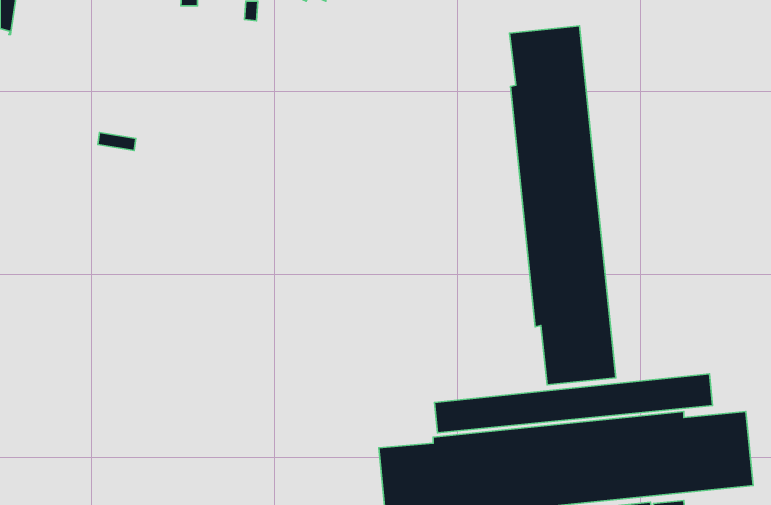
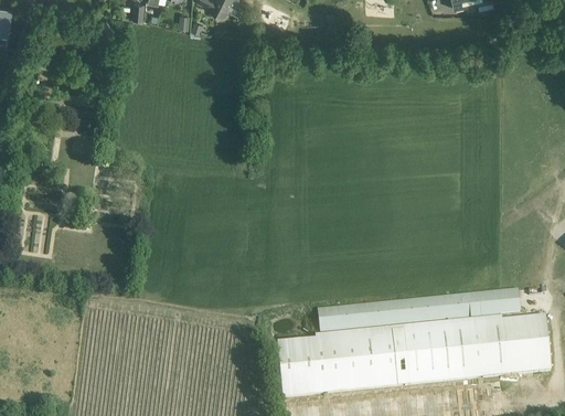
building: [510,26,616,385] -> none

